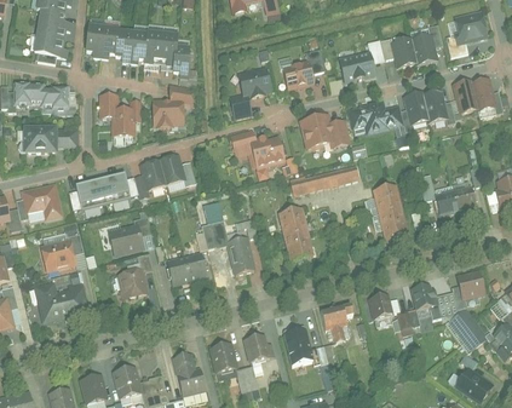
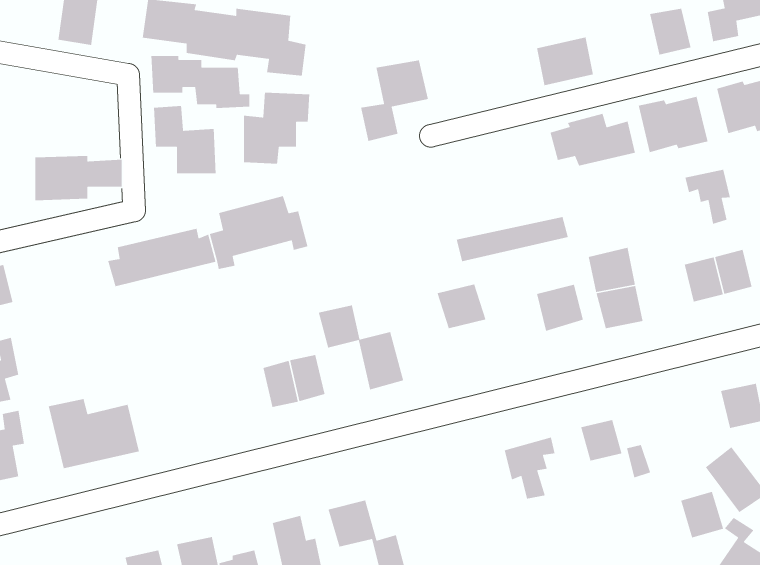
building: [391,35,418,65] -> none
building: [282,59,313,87] -> none
building: [12,80,75,114] -> [151,55,250,109]
building: [299,113,350,149] -> none
building: [228,127,282,176] -> none
building: none -> [684,169,731,225]
building: [21,180,63,218] -> none
building: [108,214,153,257] -> none
building: [284,229,315,259] -> [536,284,584,332]
building: [40,237,75,271] -> none
building: [117,266,149,299] -> none
building: [412,282,439,312] -> [680,491,724,539]
building: [283,328,315,366] -> none
building: [245,334,275,361] -> none

